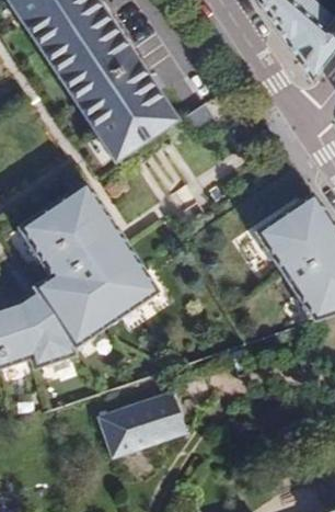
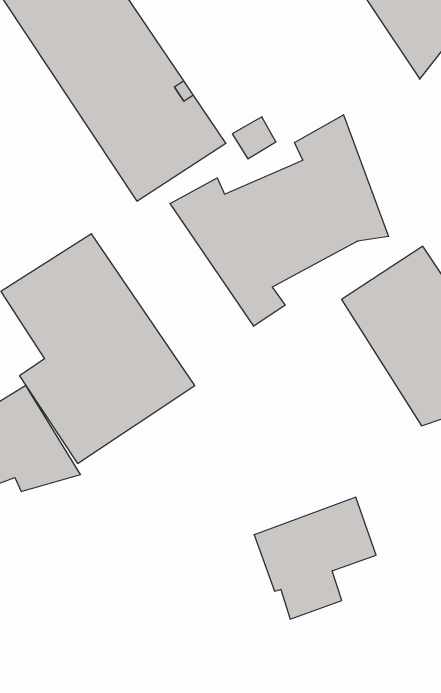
building: none -> [170,115,389,326]
building: [100,390,185,476] -> [254,497,376,619]

